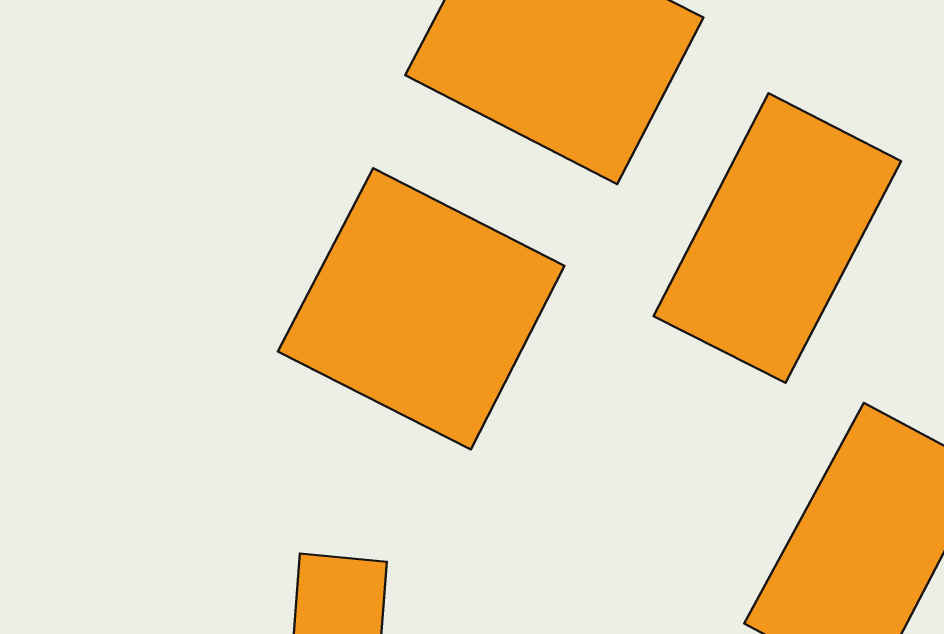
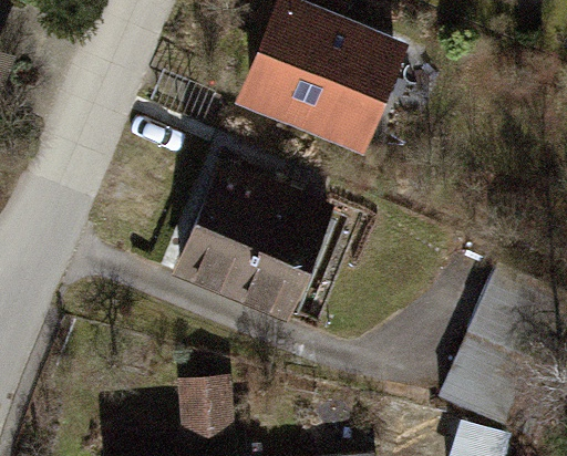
building: [653,93,901,383] -> none

